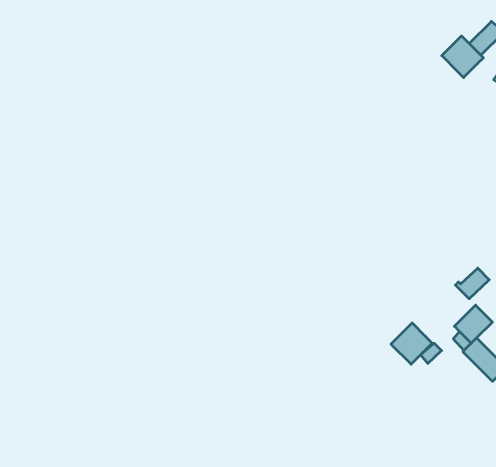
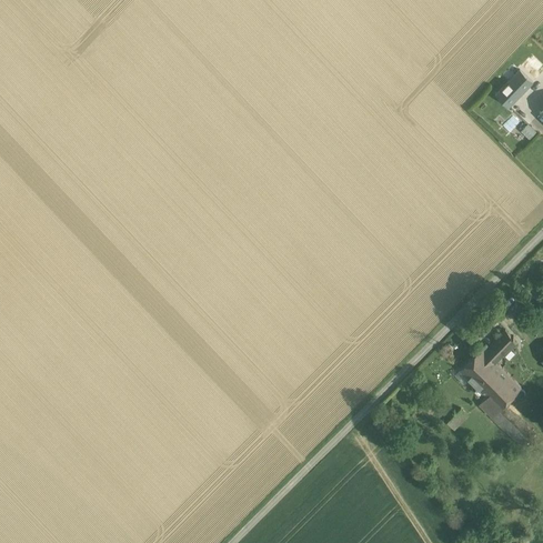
building: [442,36,483,78] -> none
building: [391,323,432,364] -> [459,349,502,392]

